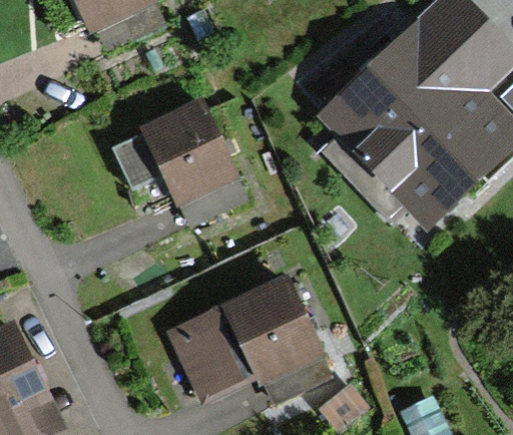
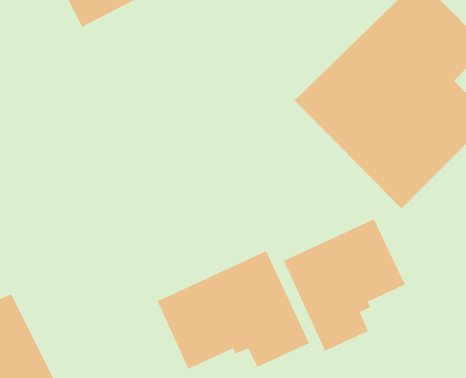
building: [113,103,247,223] -> none
building: none -> [283,218,406,352]

